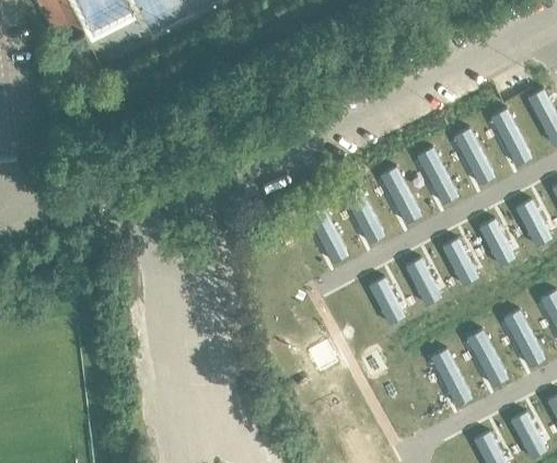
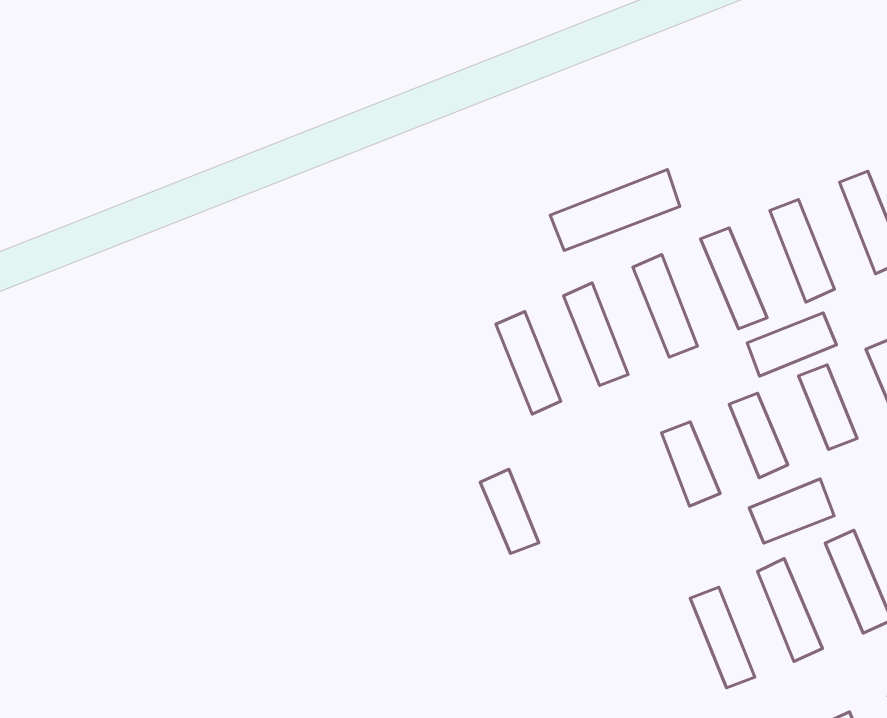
building: none -> [550,169,680,250]
building: none -> [747,313,837,376]
building: [369,277,405,324] -> [480,469,539,554]
building: none -> [749,479,834,543]

